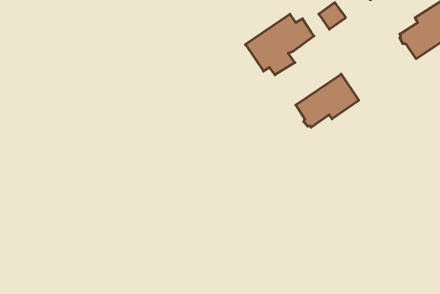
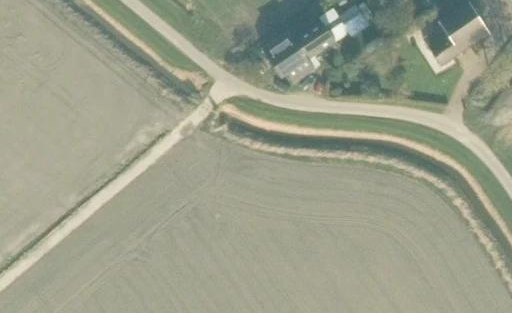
building: [296,74,359,127] -> none

